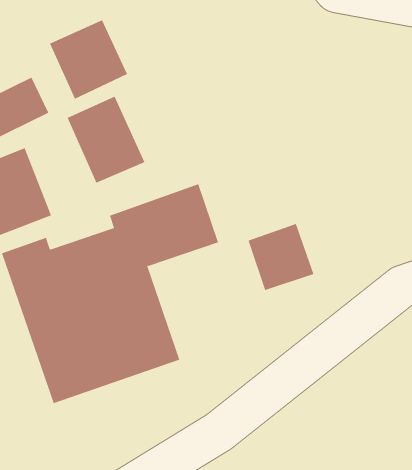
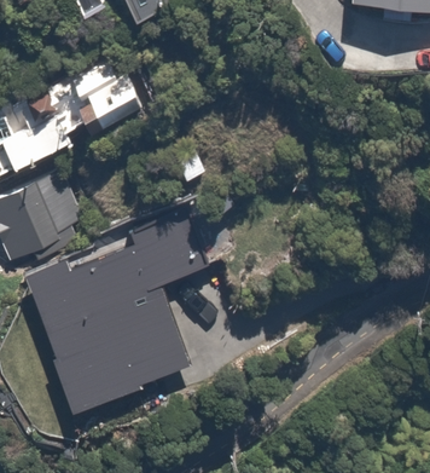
building: [67,96,145,183] -> none
building: [248,223,314,291] -> none

